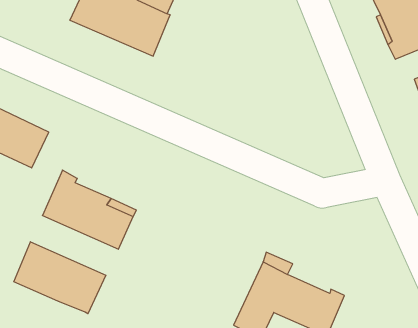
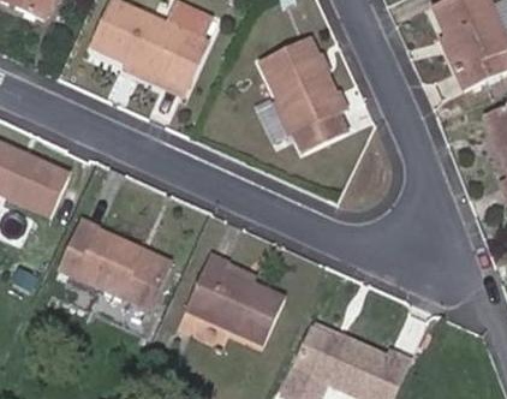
building: none -> [255,35,345,151]
building: none -> [186,251,286,341]
building: [14,242,106,314] -> none

